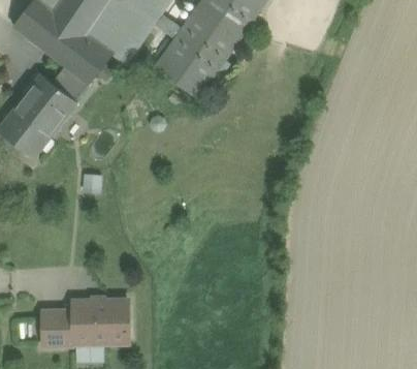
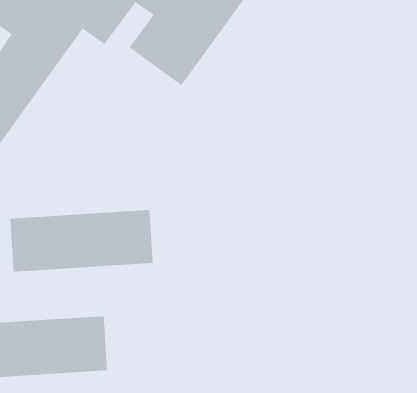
building: none -> [9,209,154,272]

